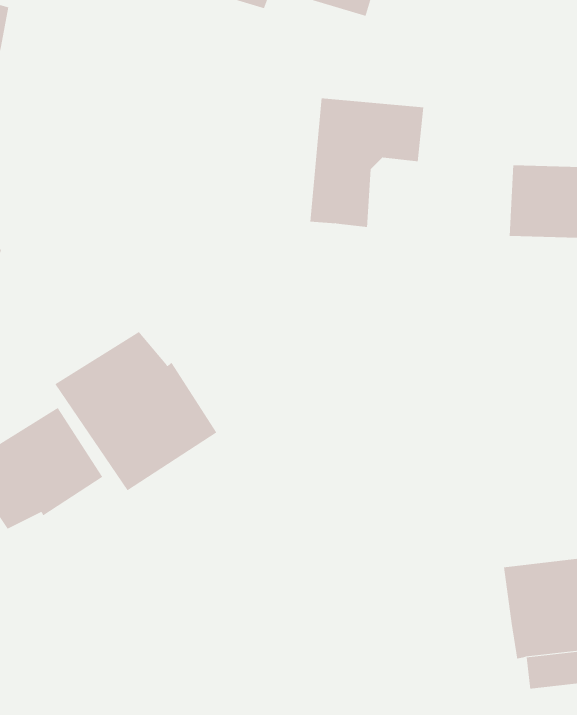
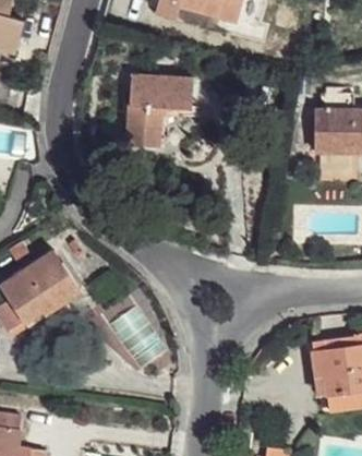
building: [309,98,424,227] -> [124,71,191,146]
building: [55,331,217,491] -> none

